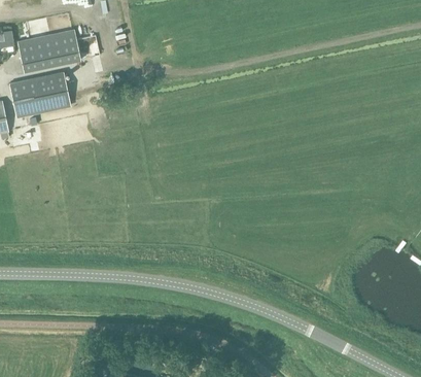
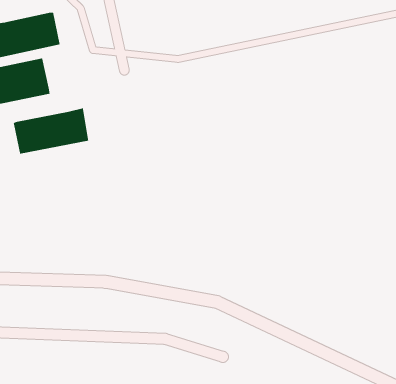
building: none -> [13,108,89,155]

